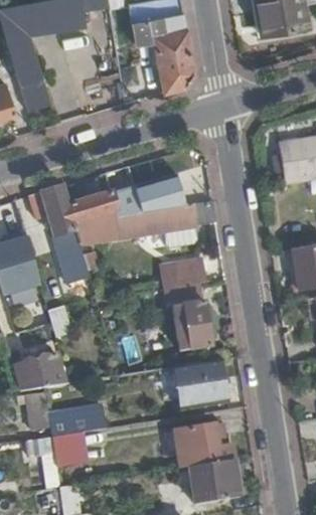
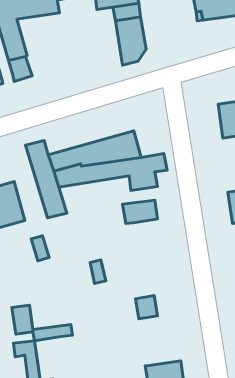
building: [174,285,209,349] -> none
building: [14,351,63,388] -> none
building: [175,362,228,404] -> none
building: [175,426,233,467] -> none
building: [51,431,86,464] -> none

